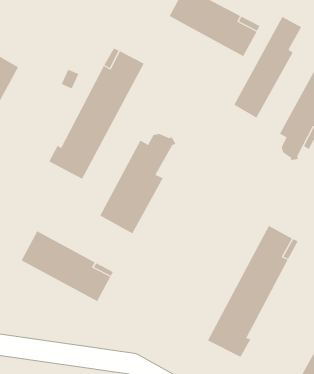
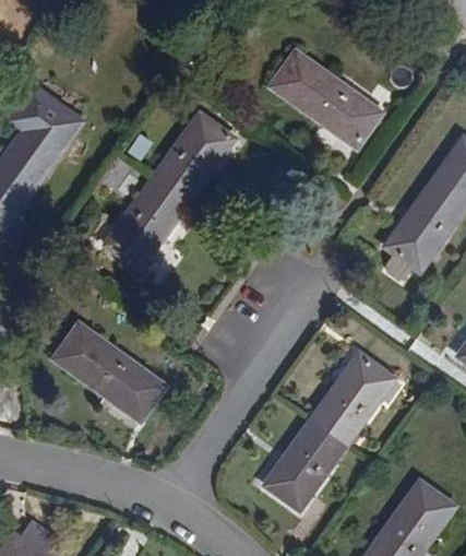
building: [234,16,302,118] -> none
building: [99,133,176,234] -> none

